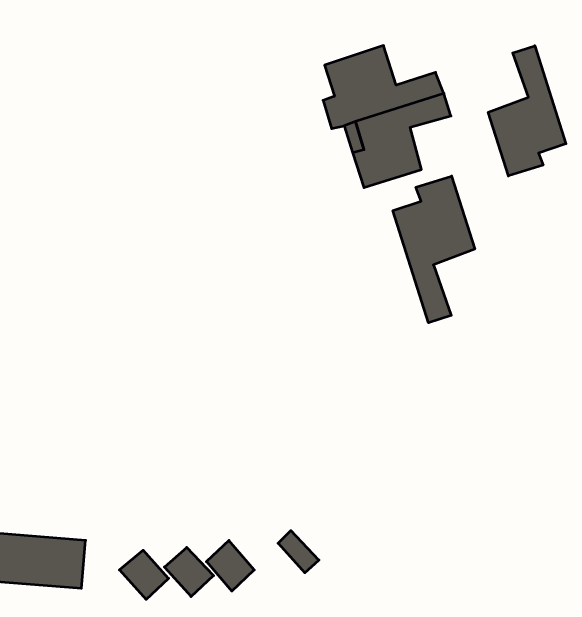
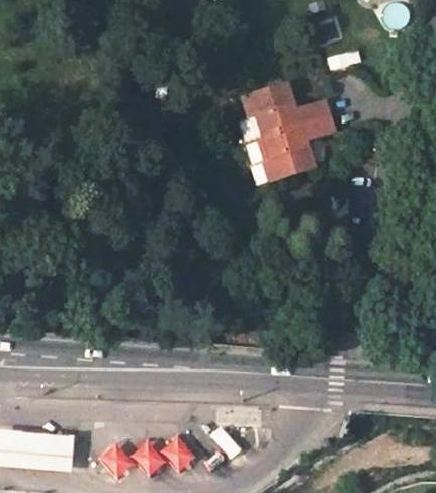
building: [488,46,566,176] -> none
building: [393,176,475,323] -> none

